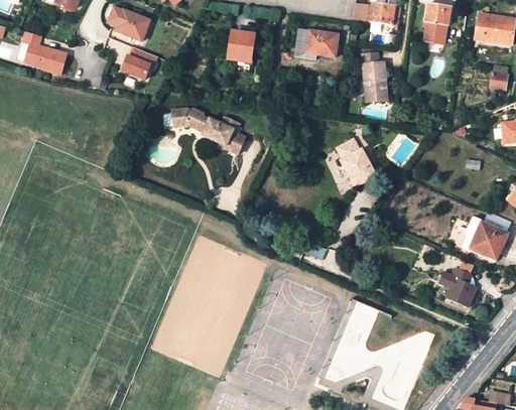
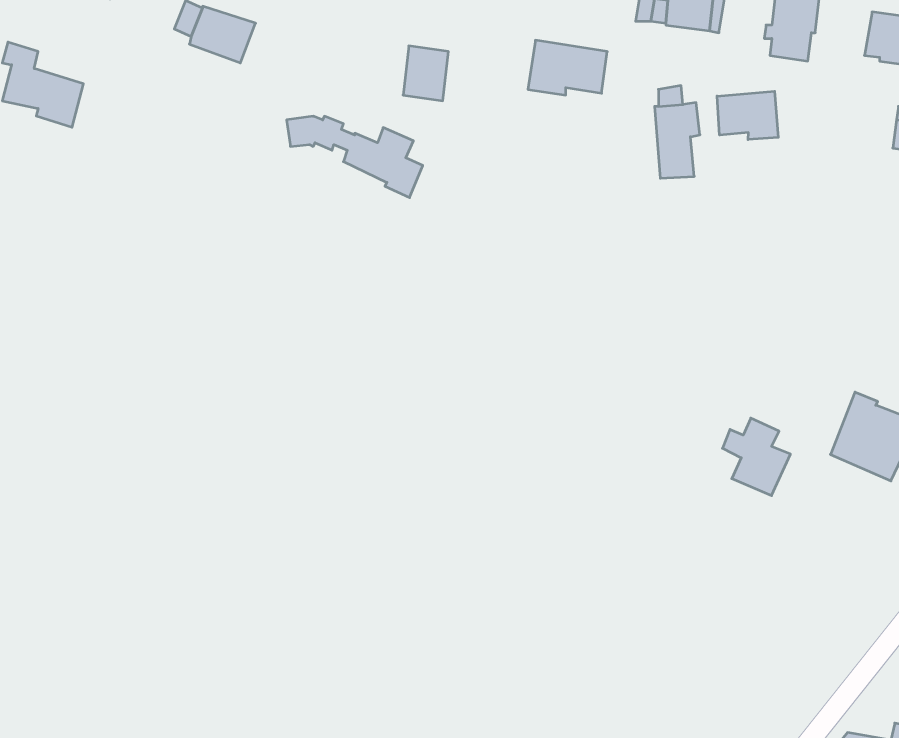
building: [124,47,158,81] -> none
building: none -> [717,91,778,140]
building: [170,109,243,152] -> [287,116,423,198]
building: [337,139,377,186] -> none
building: [440,266,477,307] -> [722,418,790,496]

